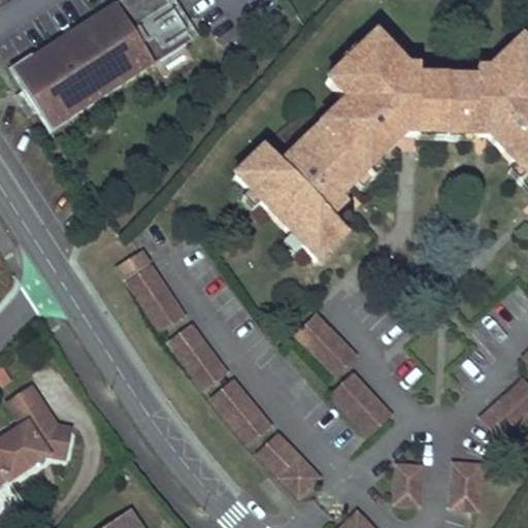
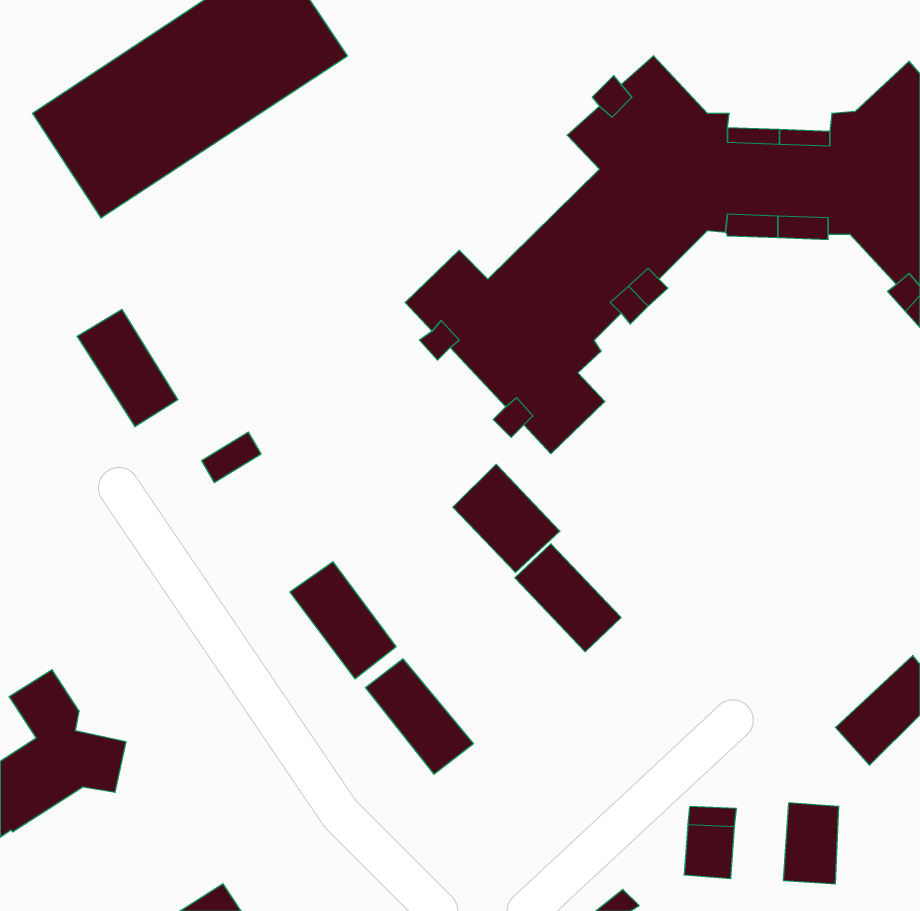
building: [126,263,184,330] -> [77,310,178,427]
building: none -> [453,464,560,572]
building: [330,370,391,431] -> none
building: [256,431,320,495] -> none

